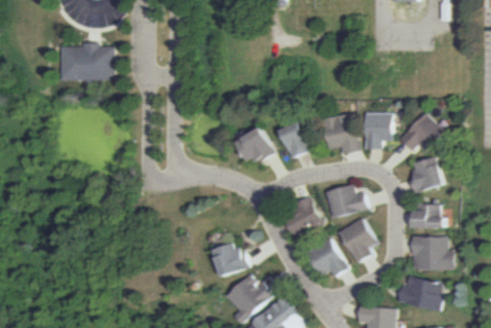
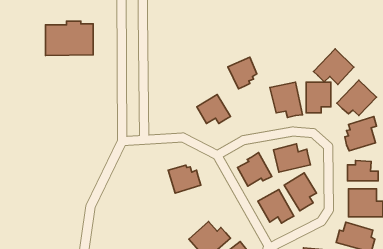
building: none -> [314,49,354,84]
building: [279,119,313,156] -> [228,57,257,89]
building: [214,244,252,277] -> [168,165,201,193]

